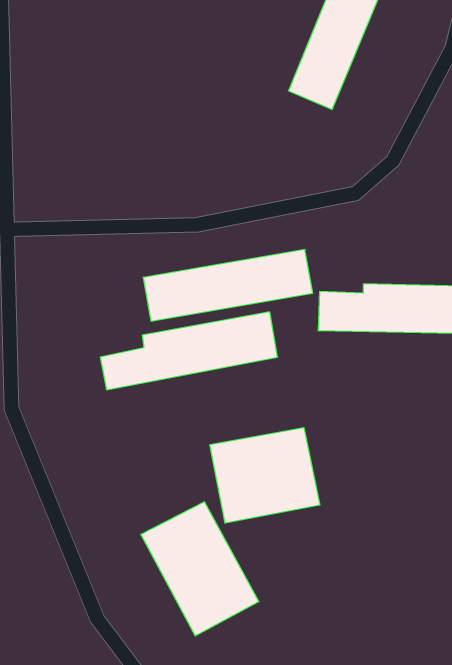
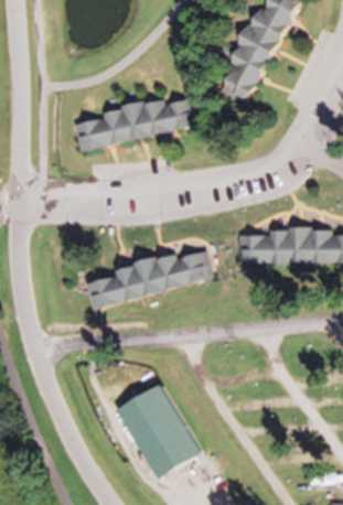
building: [143,249,313,321] -> [74,99,194,150]
building: [210,428,320,523] -> none

